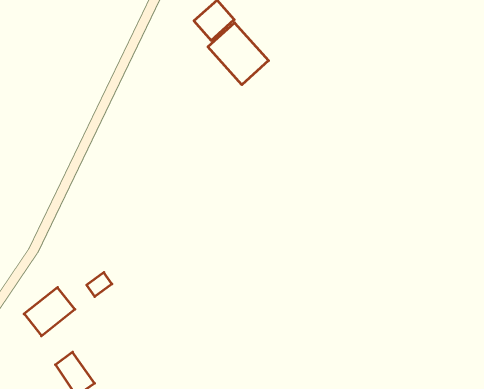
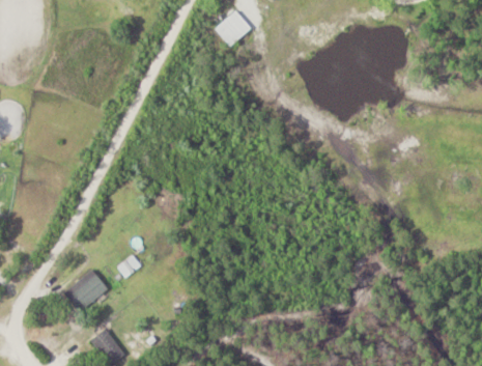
building: [208,23,269,85] -> none

